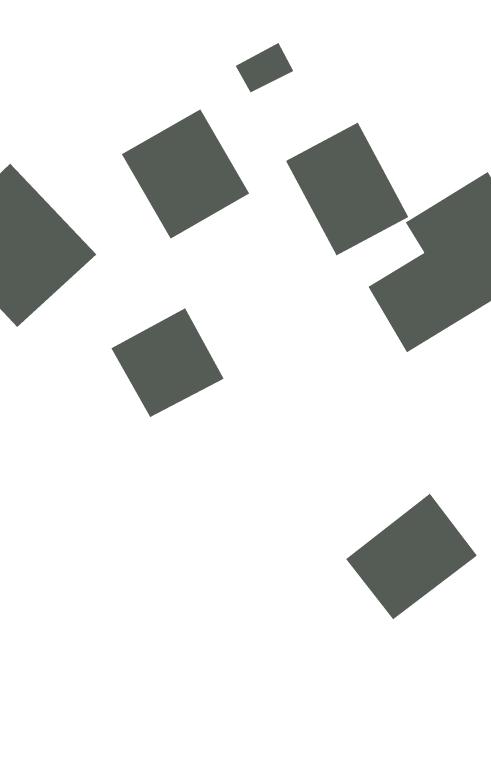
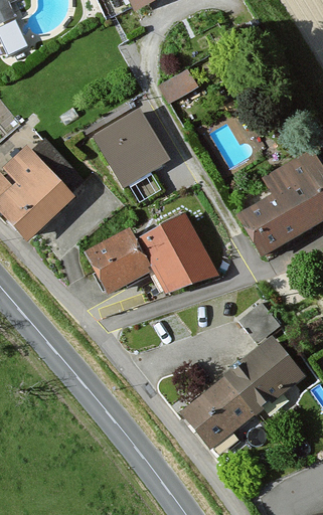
building: [285,122,409,256] -> [141,216,214,296]
building: none -> [236,304,277,342]
building: none -> [181,380,251,449]

